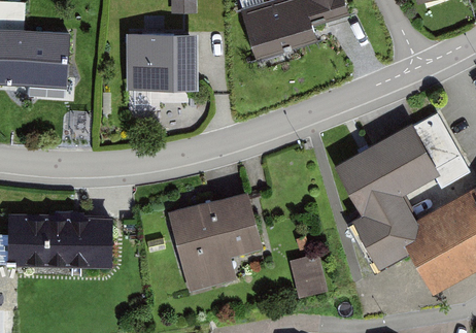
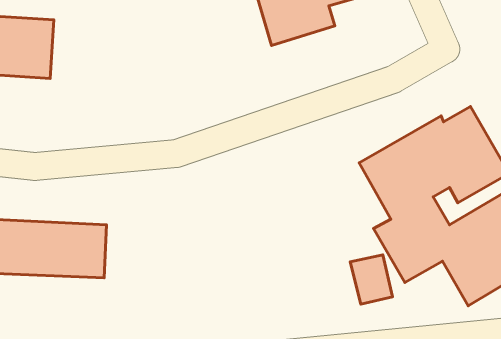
building: [126,34,199,88] -> none
building: [166,192,264,291] -> none
building: [287,255,325,298] -> [350,255,392,304]

